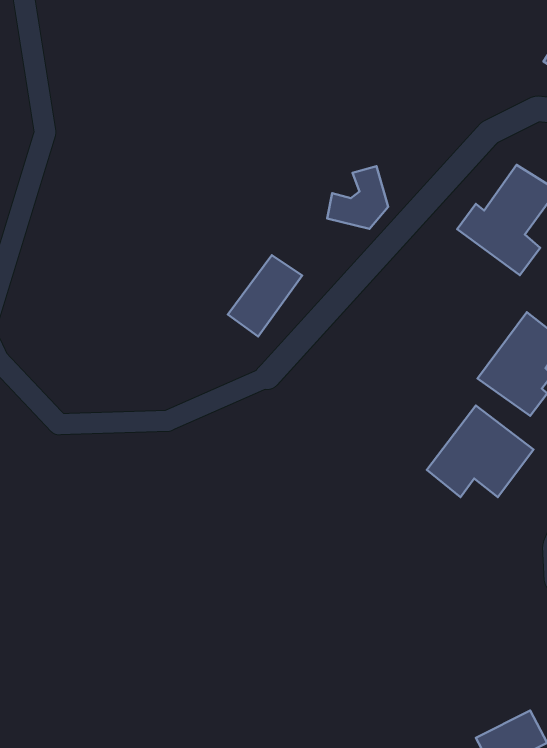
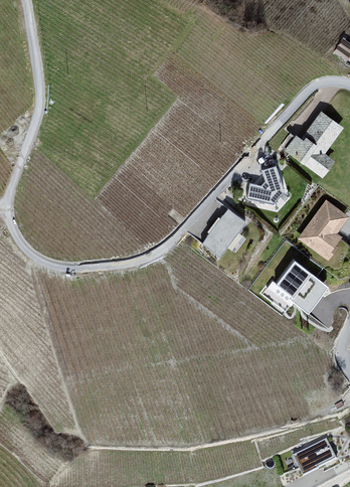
building: [327,166,388,229] -> [245,167,282,204]
building: [228,255,302,337] -> [202,205,246,254]

